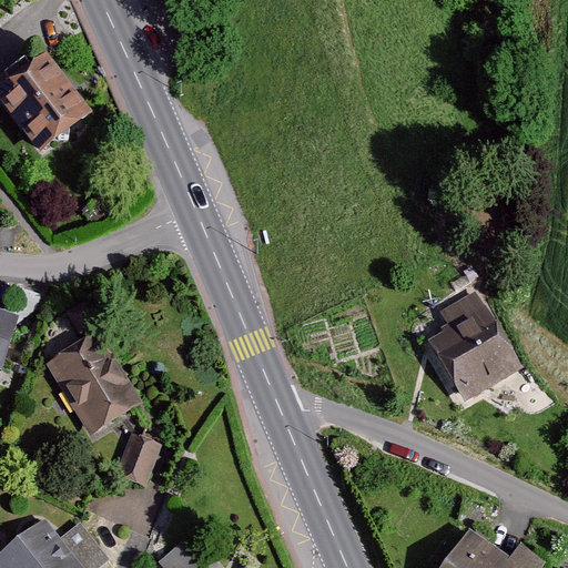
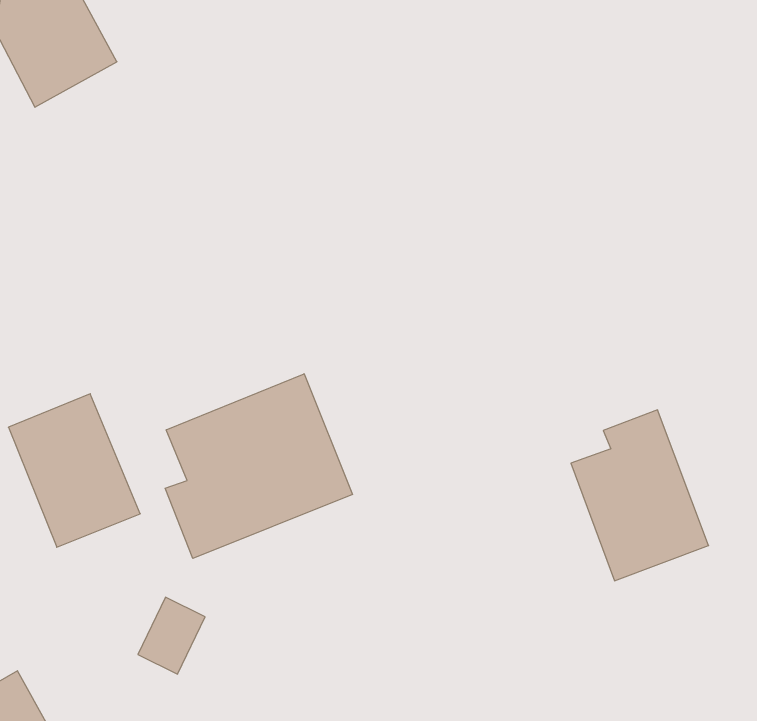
building: none -> [165,374,353,558]
building: [116,434,156,483] -> [138,597,205,674]

